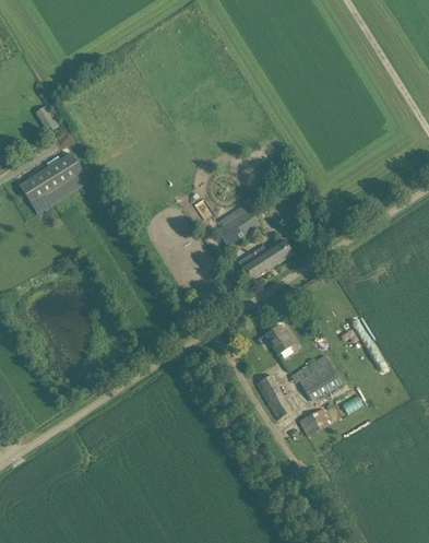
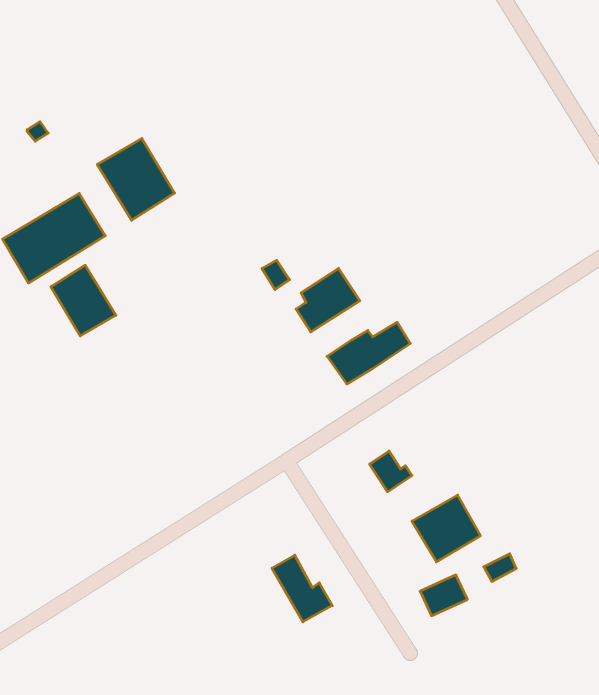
building: none -> [97,138,175,220]
building: none -> [51,265,116,336]
building: [255,374,296,418] -> [272,555,332,622]

